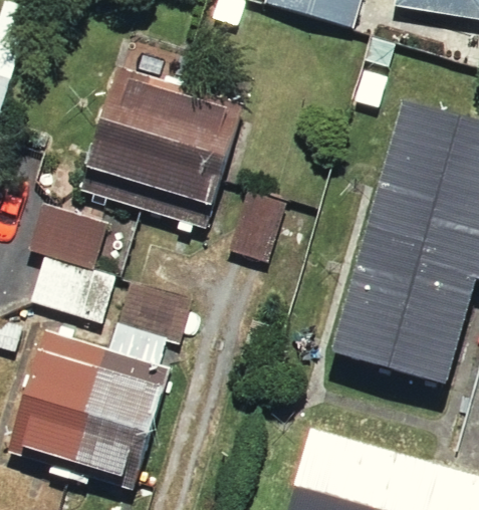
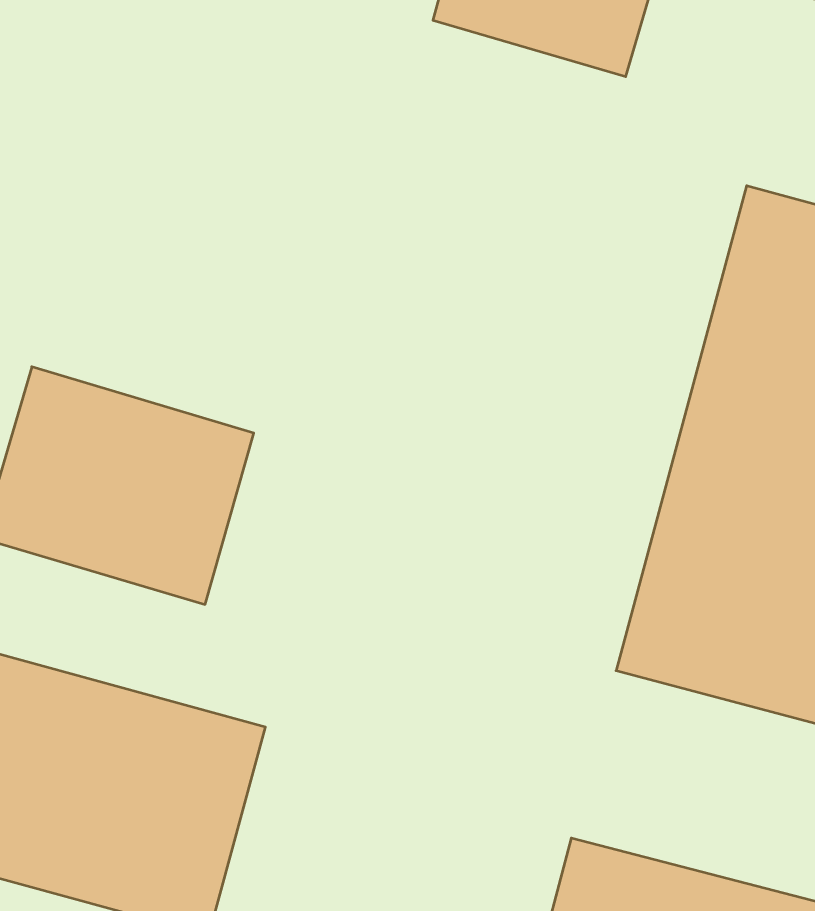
building: [66,61,239,201] -> none

